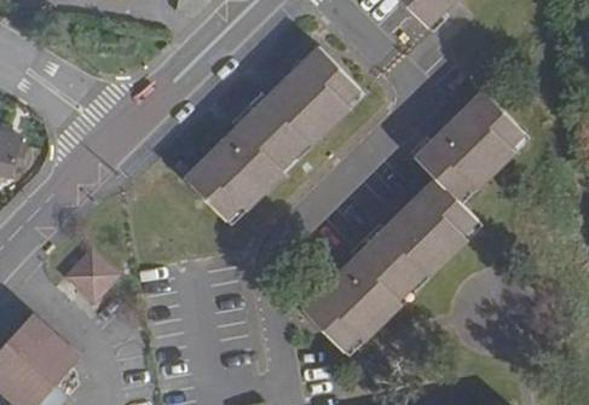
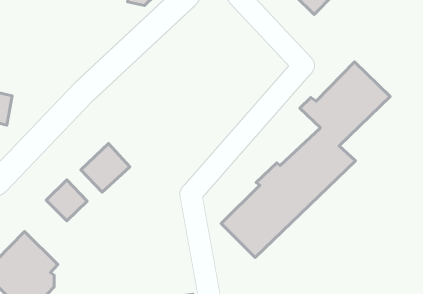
building: [185,46,364,224] -> none
building: none -> [81,143,130,192]

